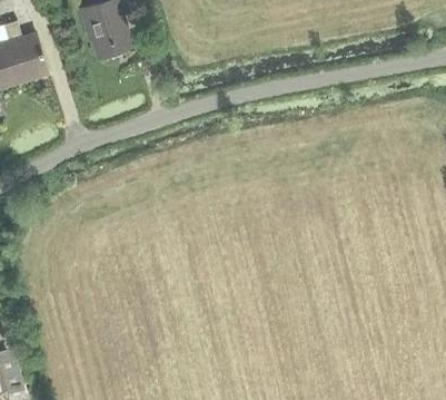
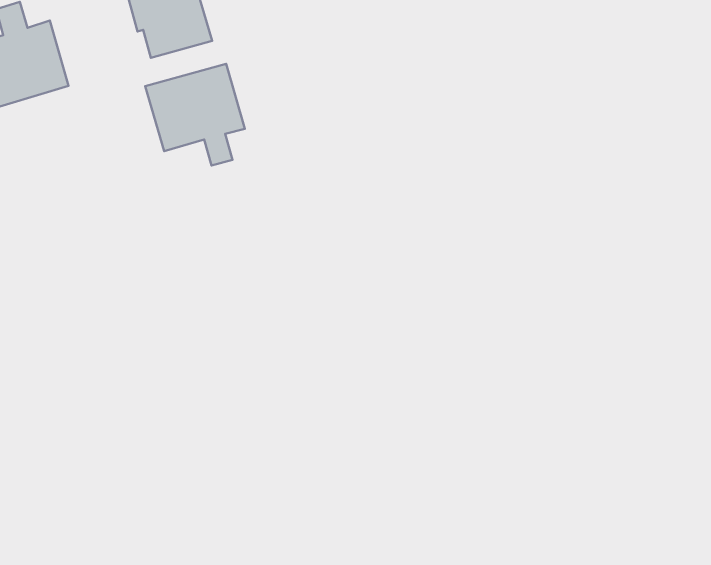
building: none -> [145,64,245,165]

